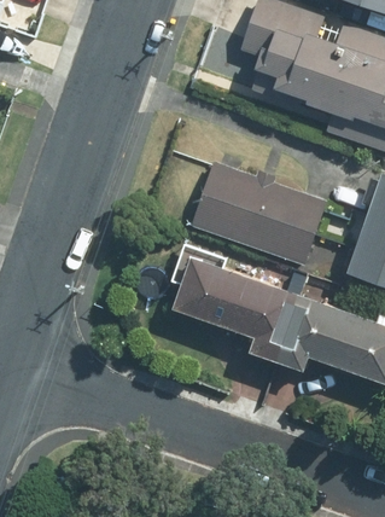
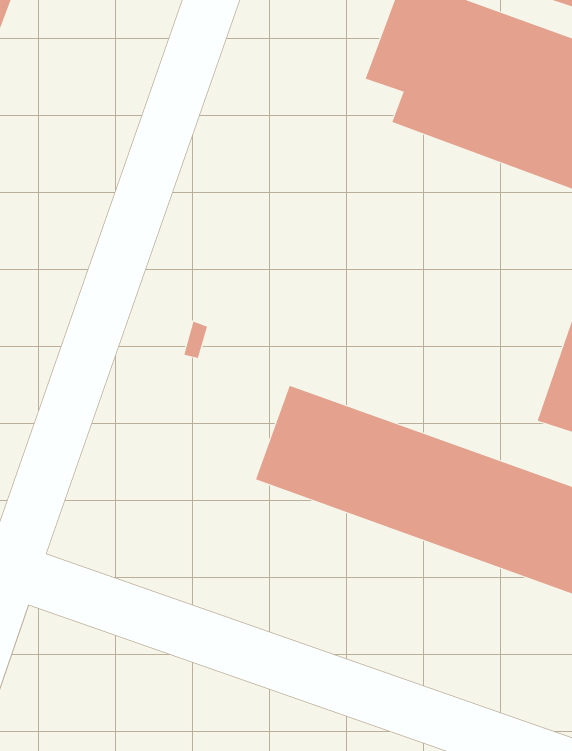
building: [187,161,325,268] -> none

